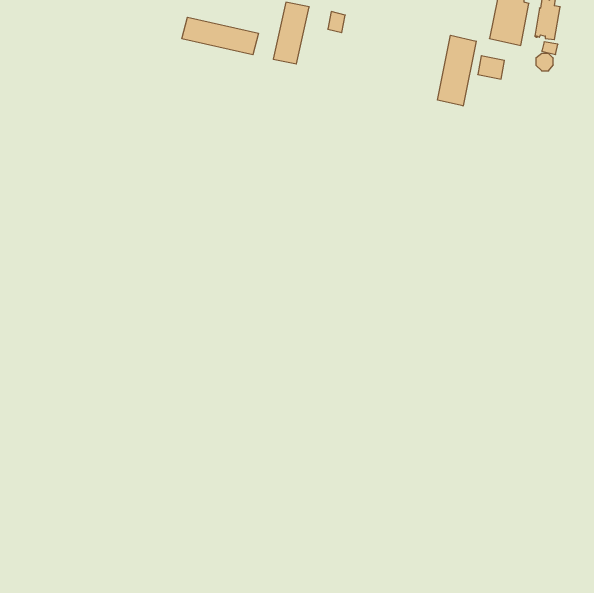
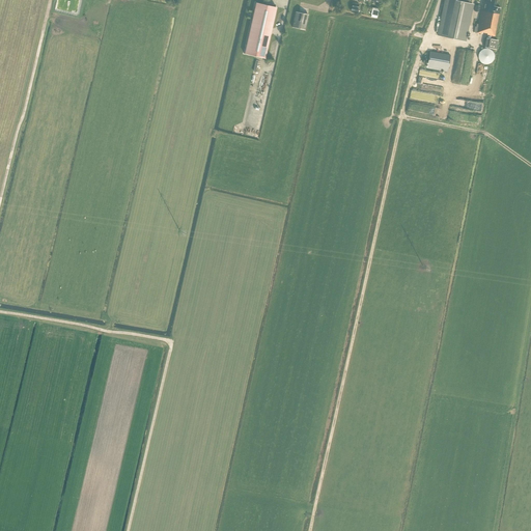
building: [182,17,258,55] -> none
building: [438,35,476,106] -> none

